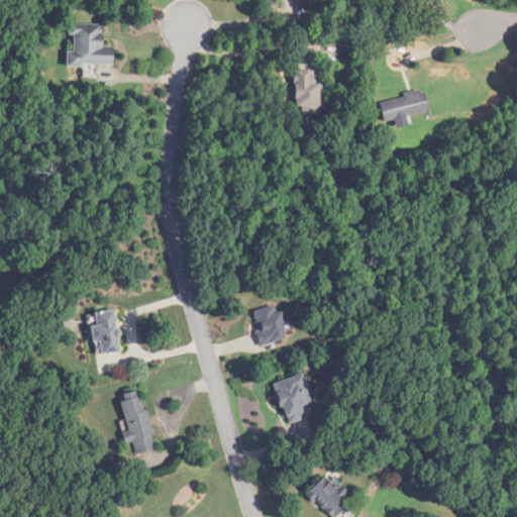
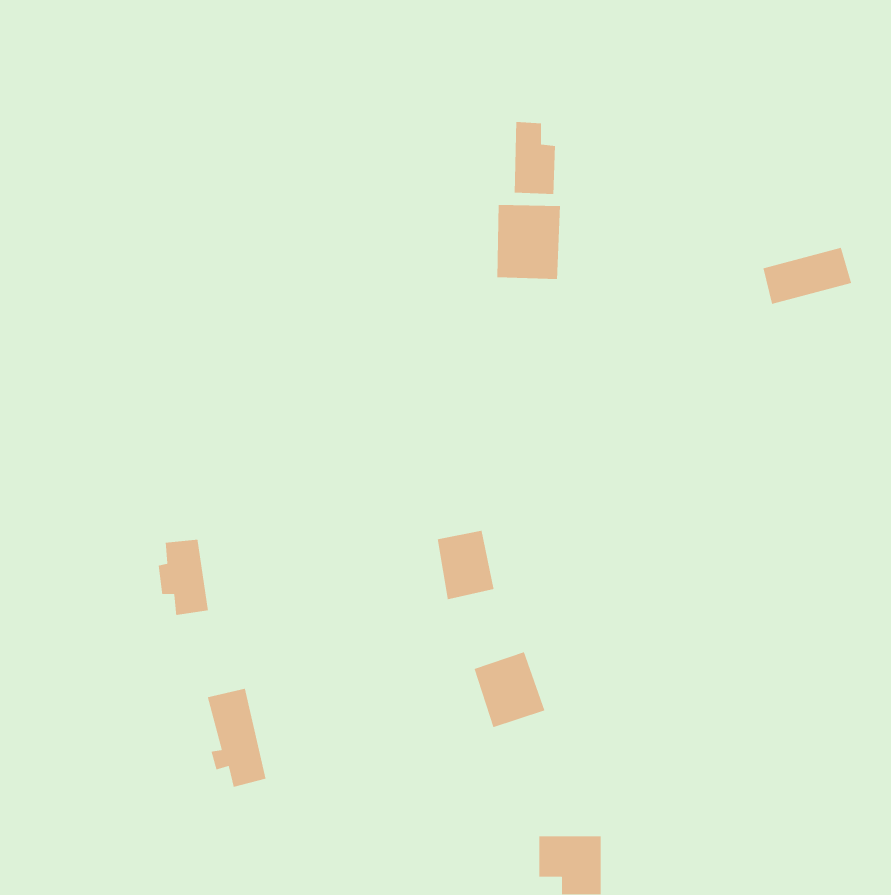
building: [67,23,114,66] -> none
building: [378,89,429,122] -> [763,247,852,305]
building: none -> [497,204,561,280]

